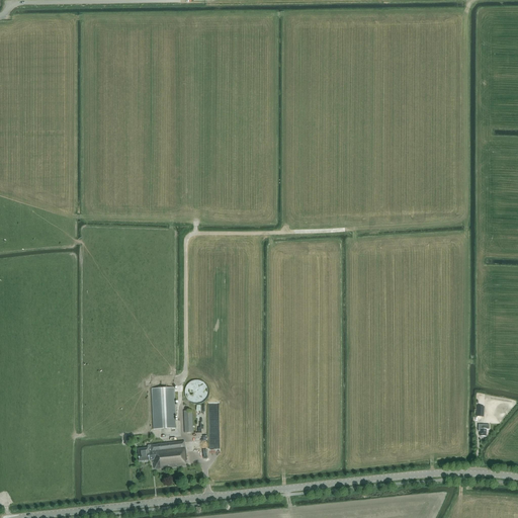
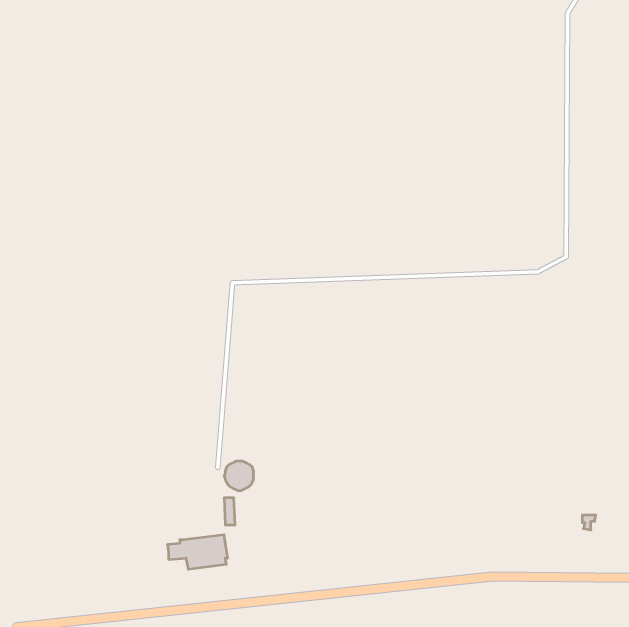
building: [152,387,175,429] -> none

